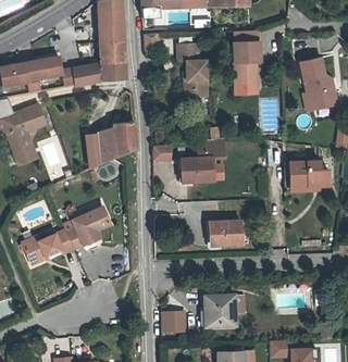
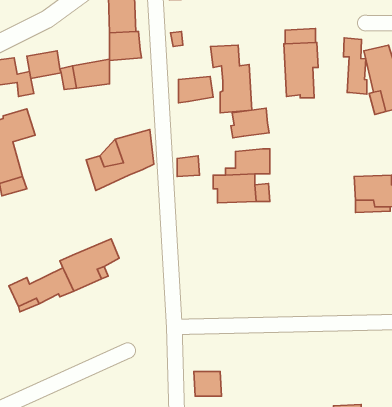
building: none -> [343,38,367,94]
building: [98,63,125,84] -> [178,77,213,103]
building: none -> [231,108,269,138]
building: [209,217,241,241] -> none
building: [210,291,240,325] -> none

